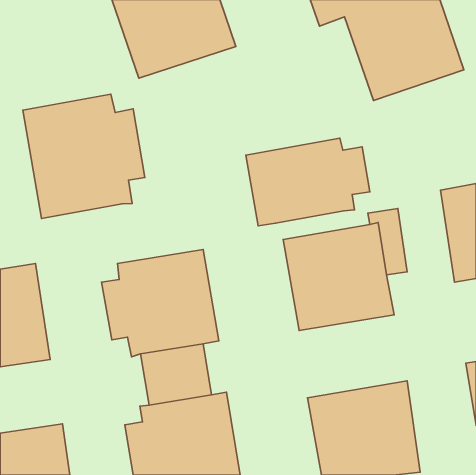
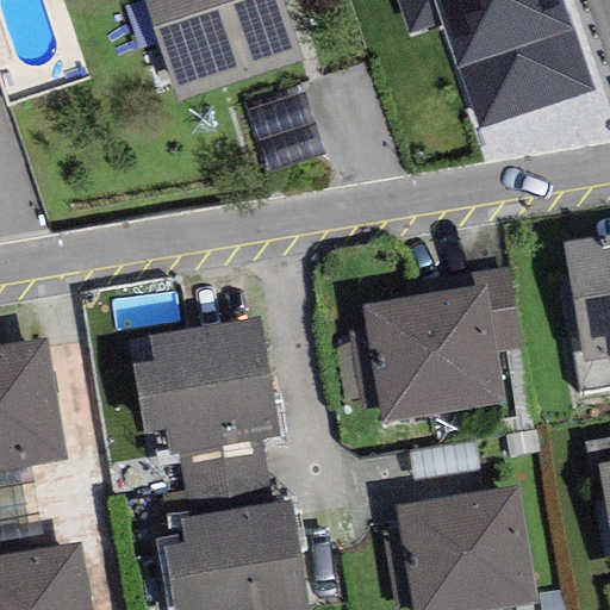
building: [23,94,145,218] -> none
building: [246,138,370,226] -> none

